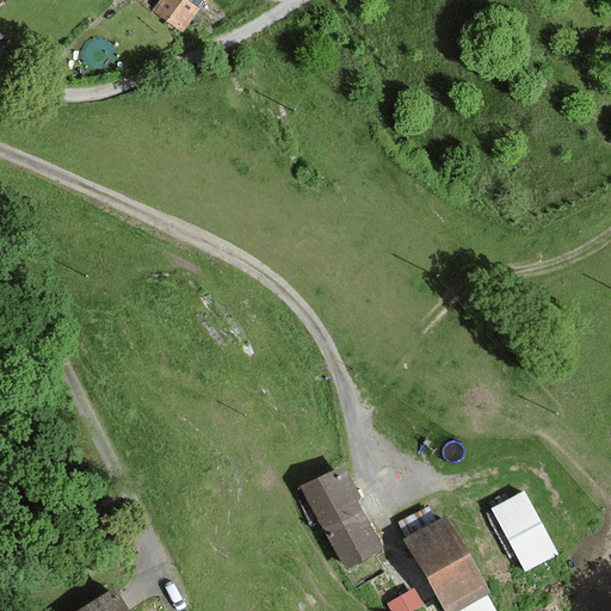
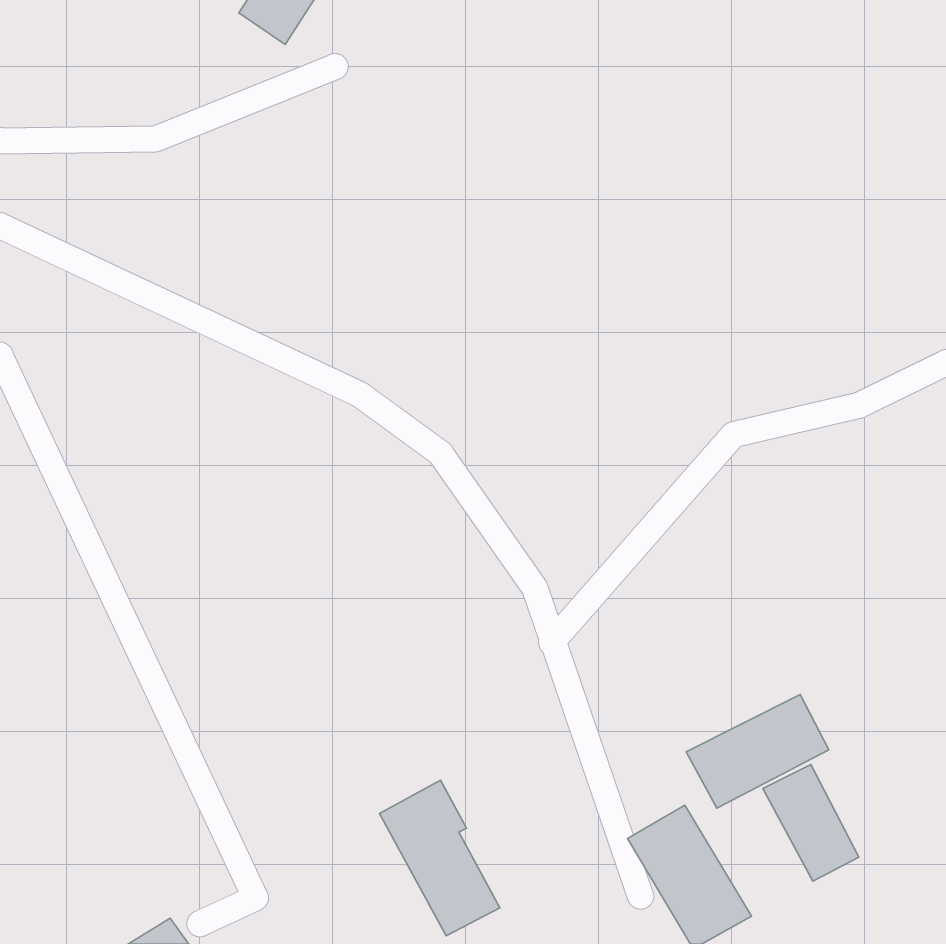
building: none -> [686,695,829,808]
building: [302,467,379,567] -> [379,780,500,936]

